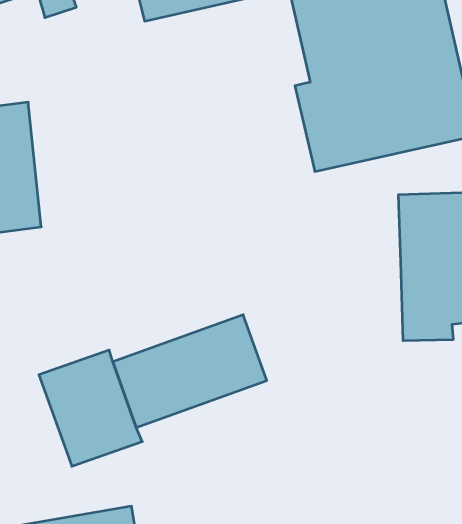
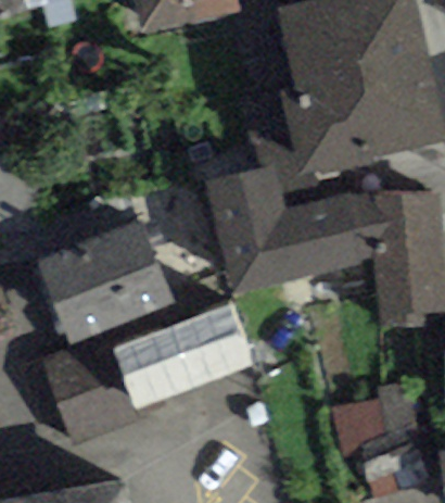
building: none -> [205,165,377,297]
building: none -> [36,221,173,344]
building: none -> [330,383,418,458]

